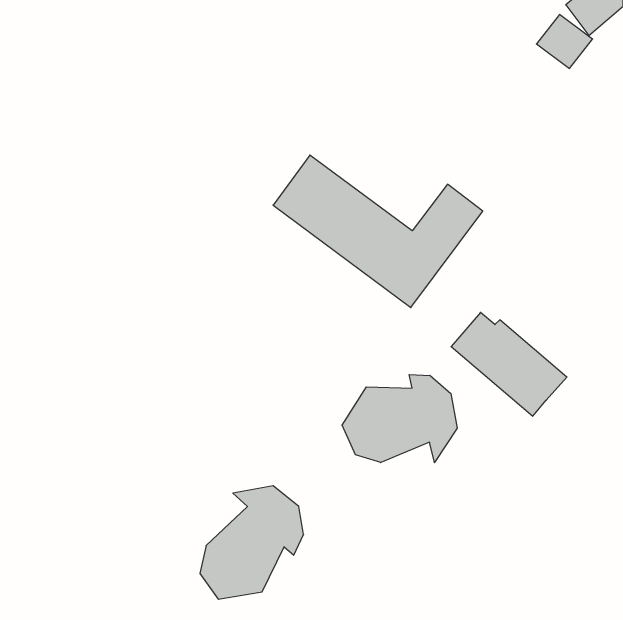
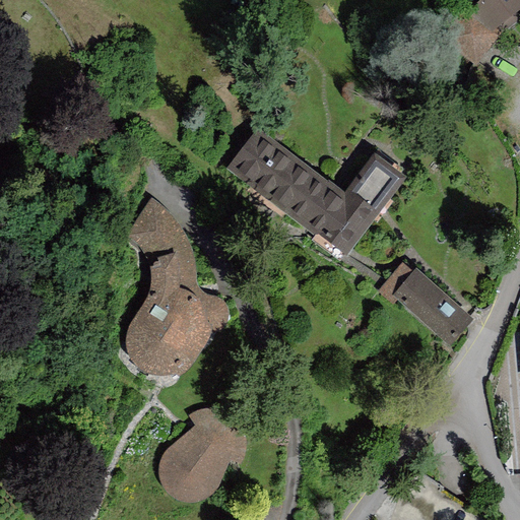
building: none -> [125,197,228,375]
building: [342,375,457,463] -> none

